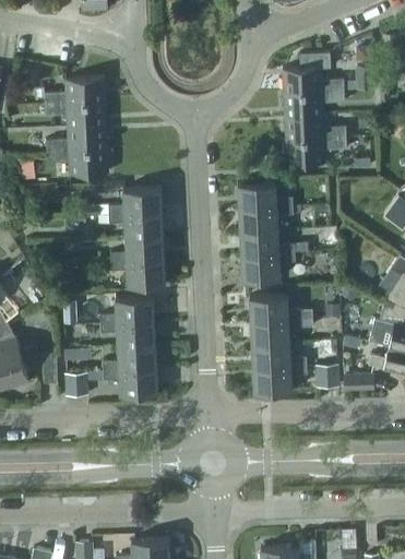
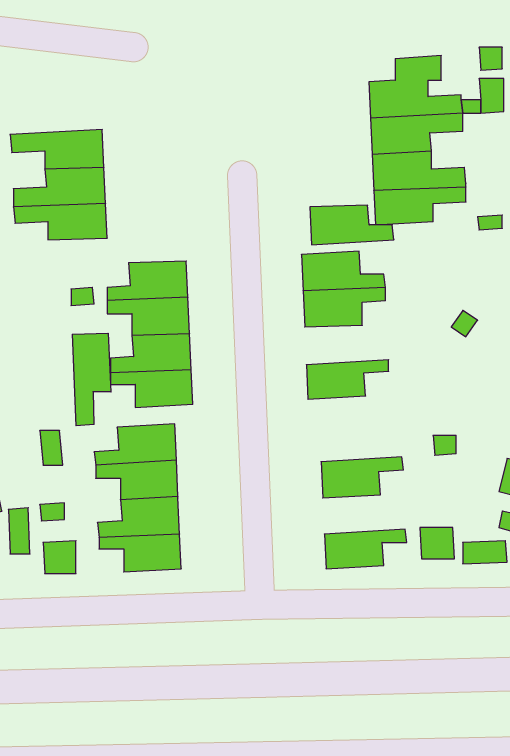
building: [44,78,105,105] -> none
building: [239,231,295,258] -> [310,205,394,245]
building: none -> [72,333,111,426]
building: [249,295,303,322] -> none
building: [251,344,306,370] -> none

